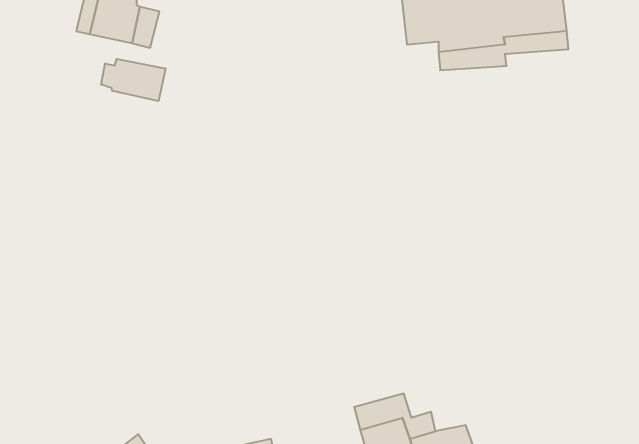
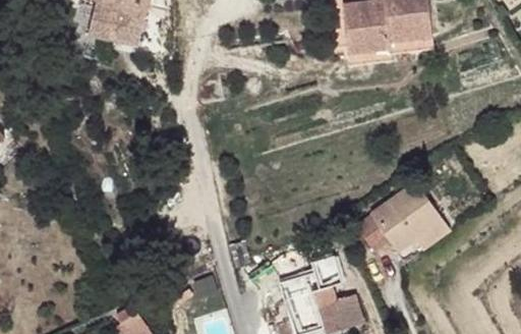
building: [101,59,165,101] -> none
building: none -> [360,183,443,252]

